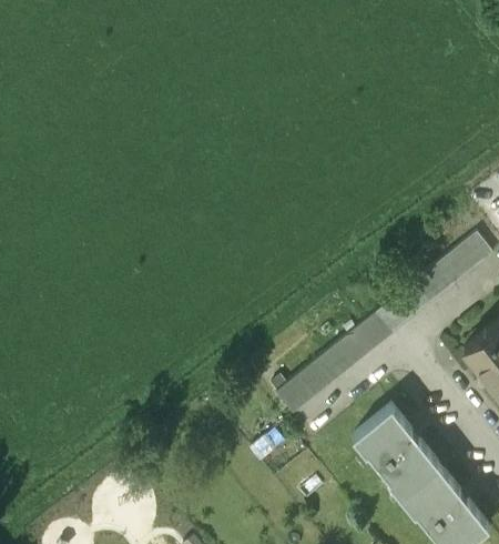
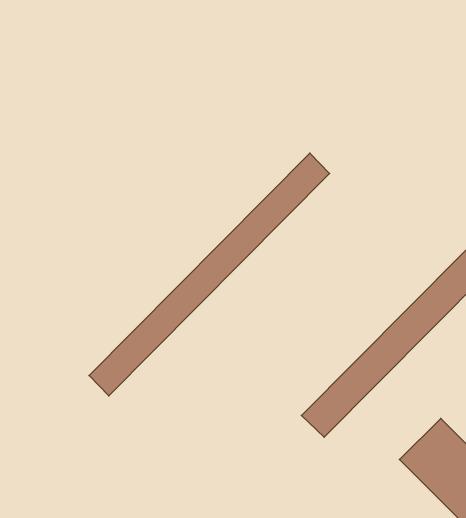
building: none -> [89,153,330,396]

